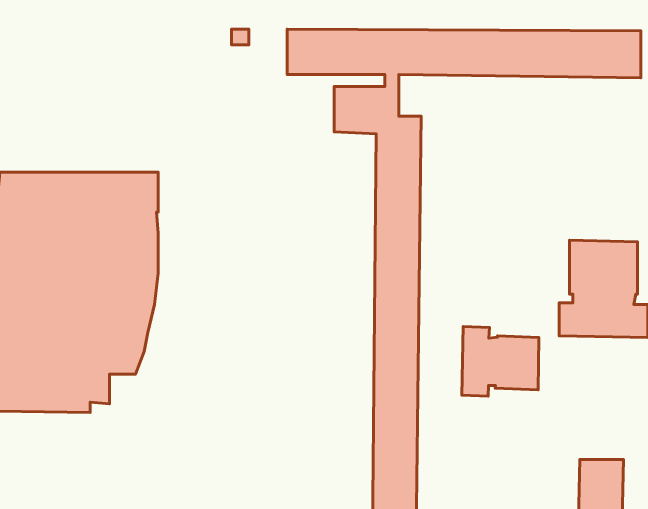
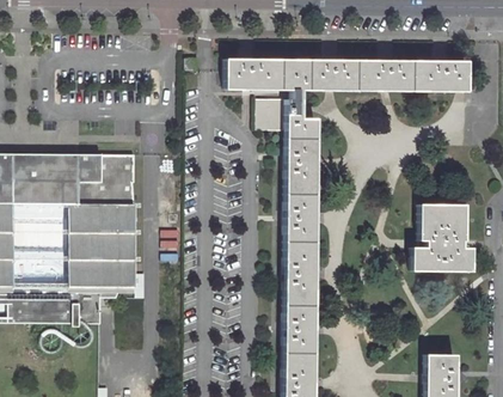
building: [462,326,539,396] -> none

